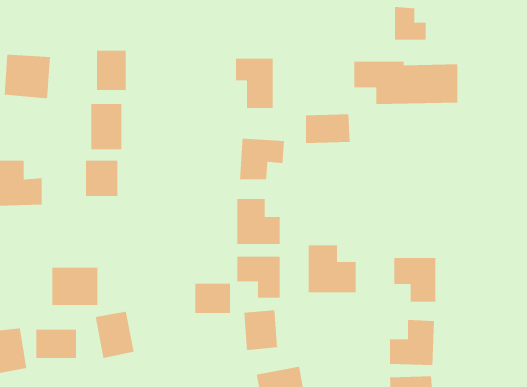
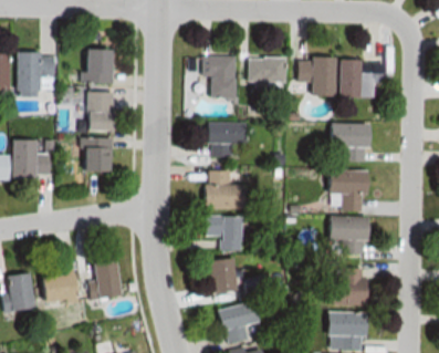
building: [394,6,427,41] -> none
building: [305,114,351,144] -> [248,59,284,83]
building: none -> [334,124,368,162]
building: none -> [334,169,365,210]
building: [308,244,356,293] -> none
building: [52,267,98,306] -> none
building: [195,283,231,314] -> none

